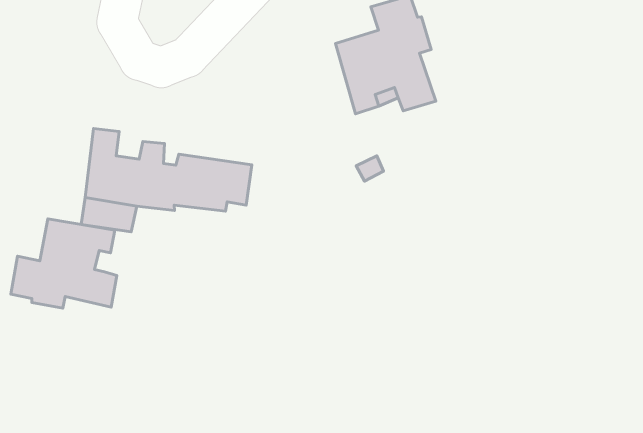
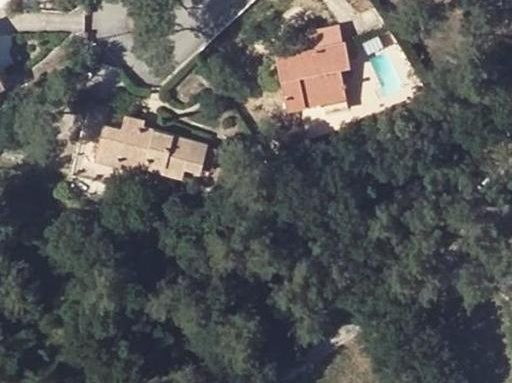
building: [11,219,117,308] -> none

